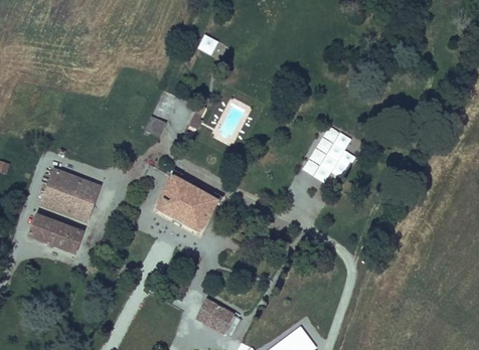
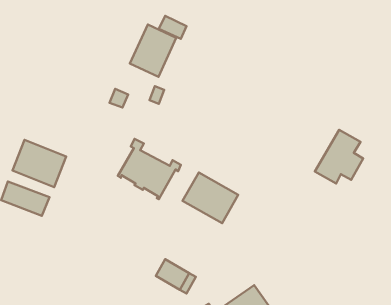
building: none -> [130,24,176,77]
building: [303,125,355,183] -> [315,130,363,183]
building: none -> [183,173,238,223]

